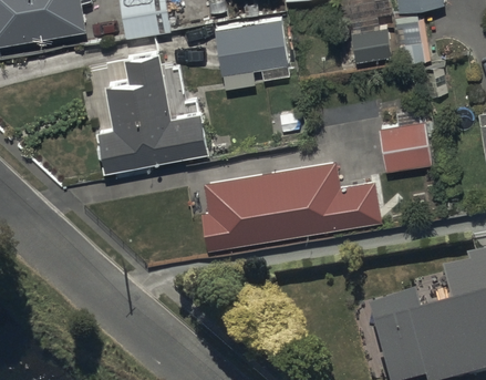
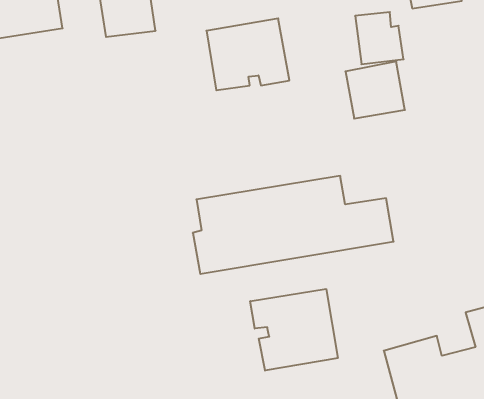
building: [97,52,207,170] -> none
building: [378,120,431,171] -> [345,62,405,119]
building: none -> [250,289,338,371]

